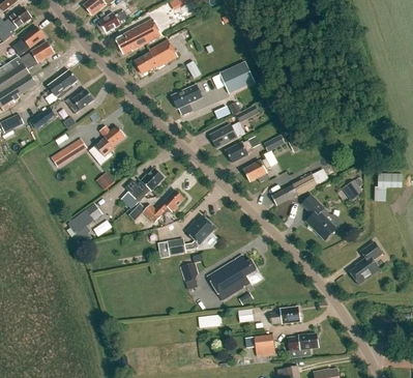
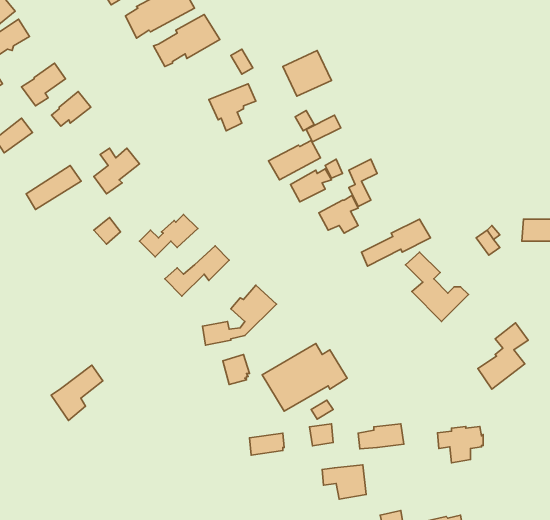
building: [67,203,101,239] -> [51,365,103,420]
building: [288,333,318,357] -> [437,426,483,463]

